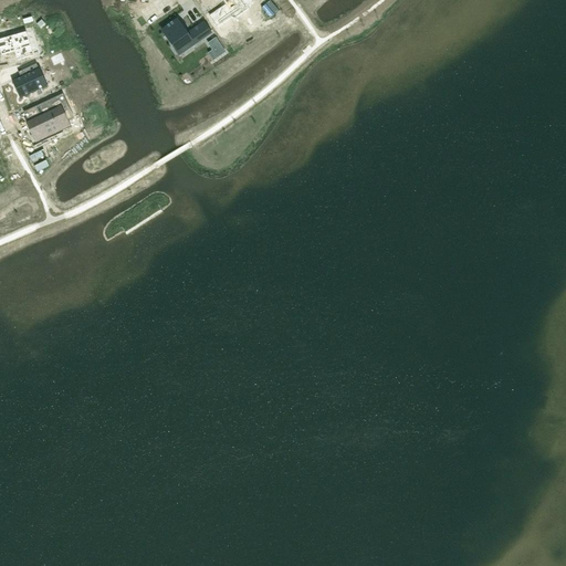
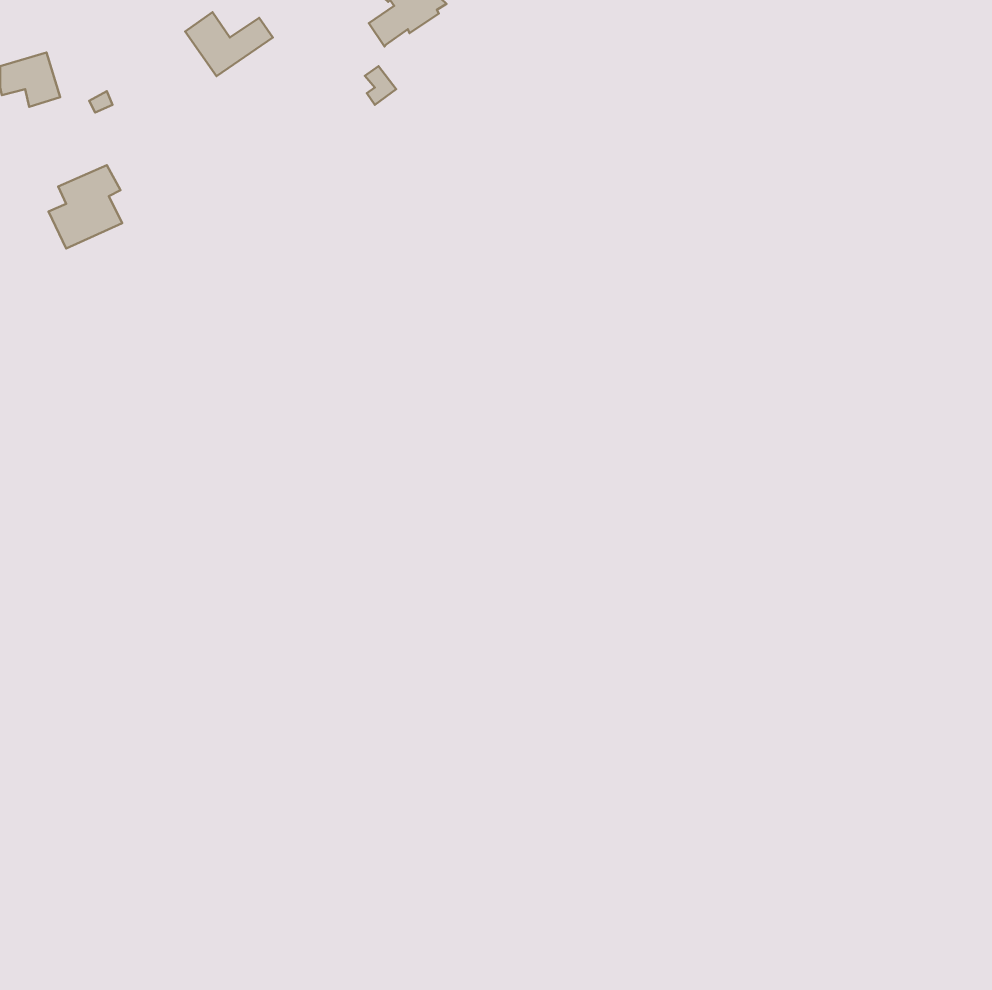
building: [161,18,211,54] -> [185,12,273,76]
building: [13,63,48,97] -> none

